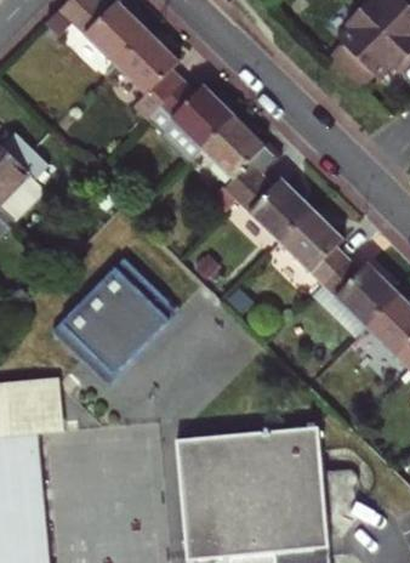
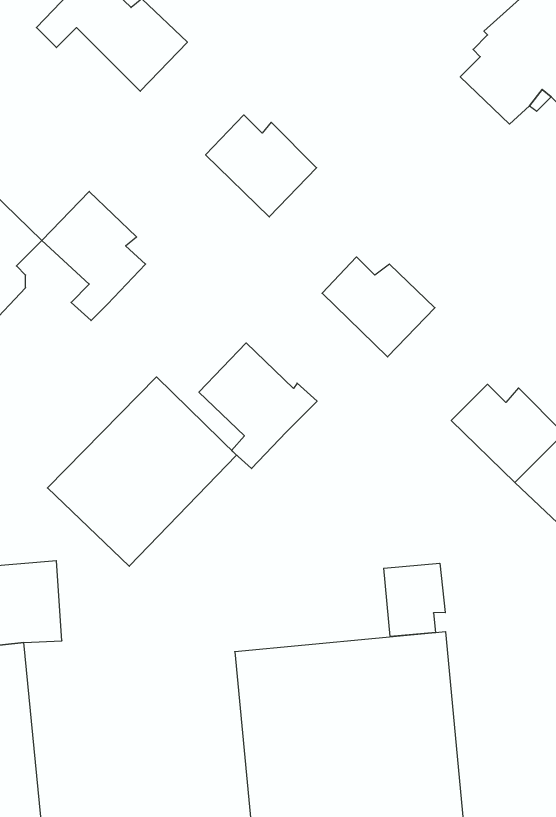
building: [114,32,183,118] -> [42,191,146,321]
building: [200,115,279,199] -> [199,343,317,469]
building: [279,209,346,284] -> none
building: none -> [384,563,445,637]

